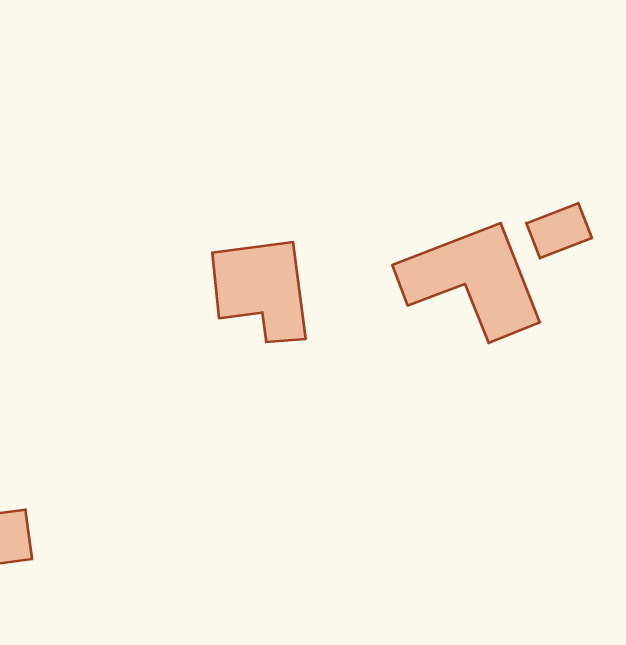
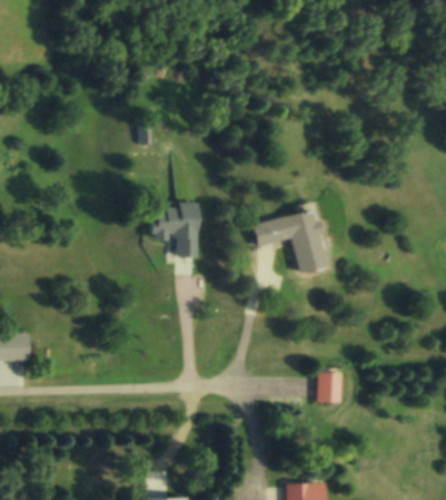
building: [526,203,592,258] -> none
building: none -> [318,373,341,403]

